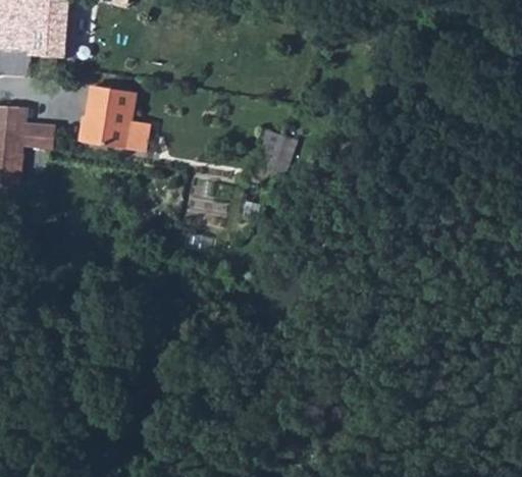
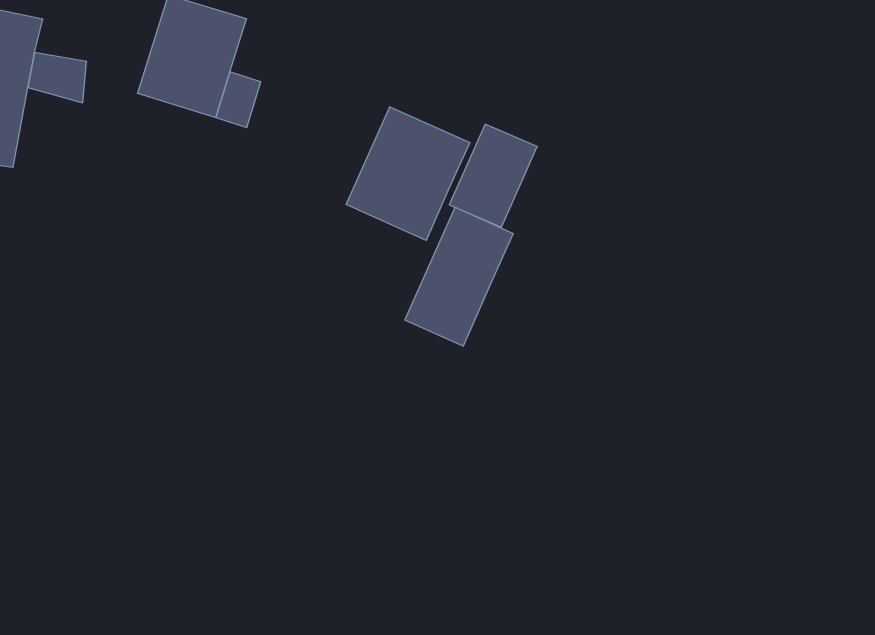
building: none -> [346,107,470,240]
building: none -> [405,207,513,346]

